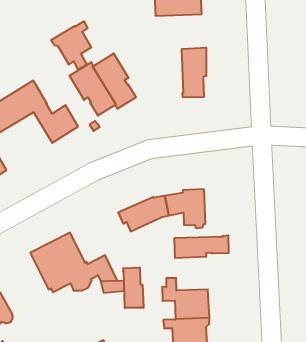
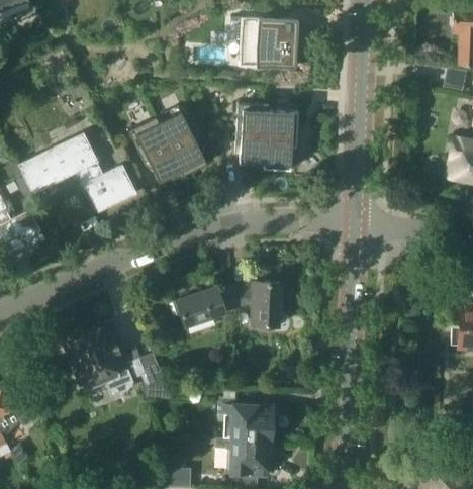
building: [51,21,91,69] -> none
building: none -> [235,103,269,164]
building: [174,235,229,258] -> none
building: [123,267,144,308] -> none

